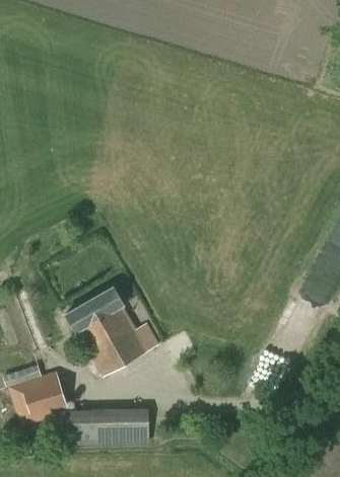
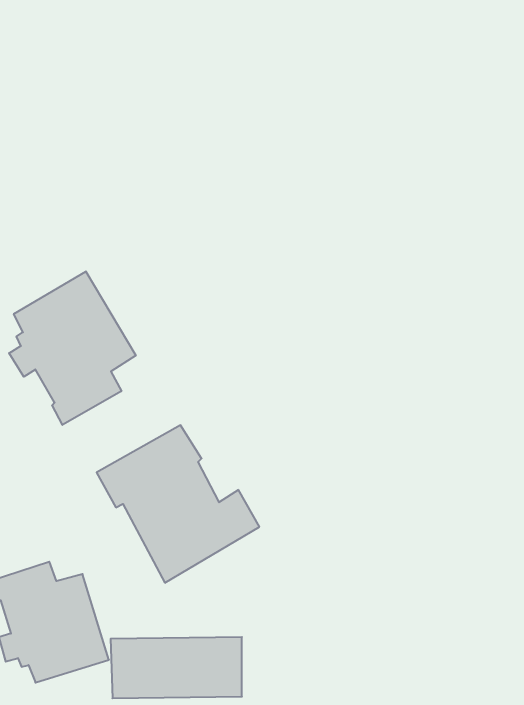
building: none -> [9,271,136,425]

